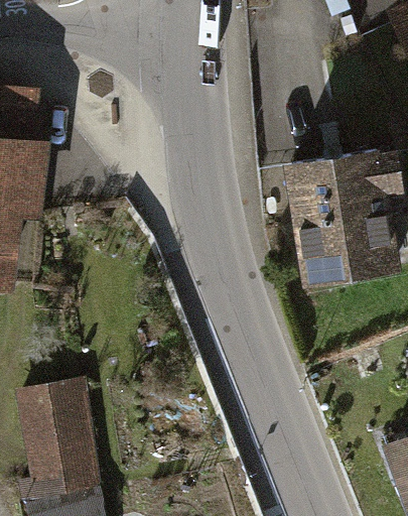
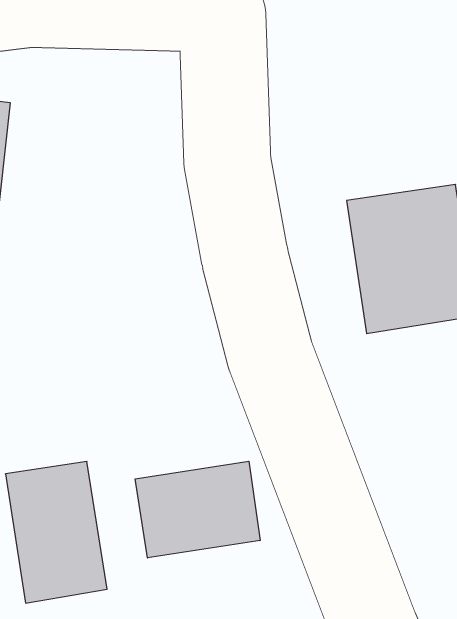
building: none -> [135,461,260,558]

